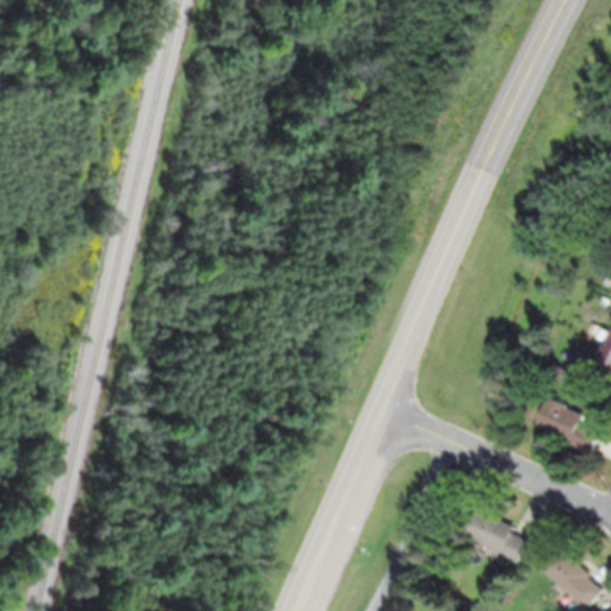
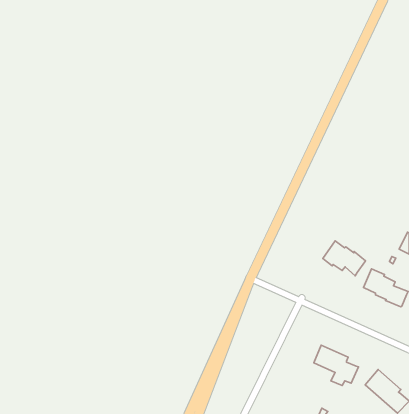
building: none -> [323,241,365,276]

